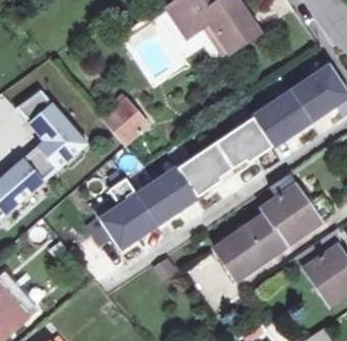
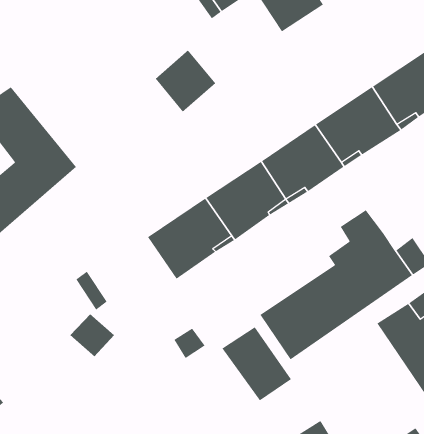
building: [105,101,147,145] -> [155,50,216,113]
building: [98,179,156,250] -> none

